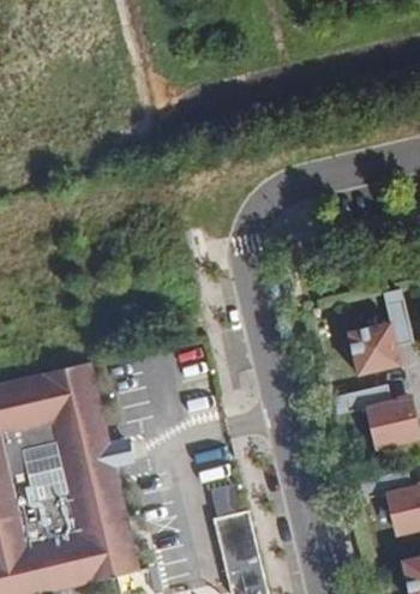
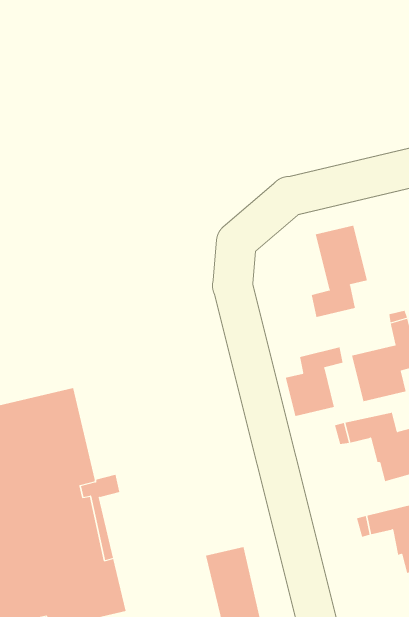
building: none -> [311,225,368,318]
building: none -> [285,347,343,417]

